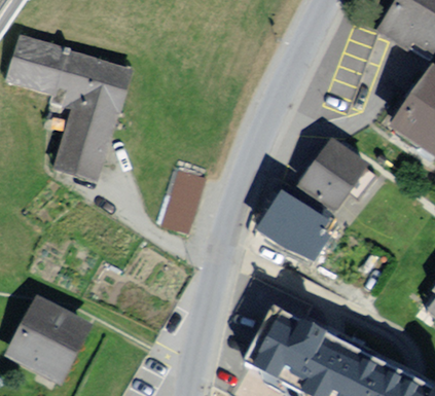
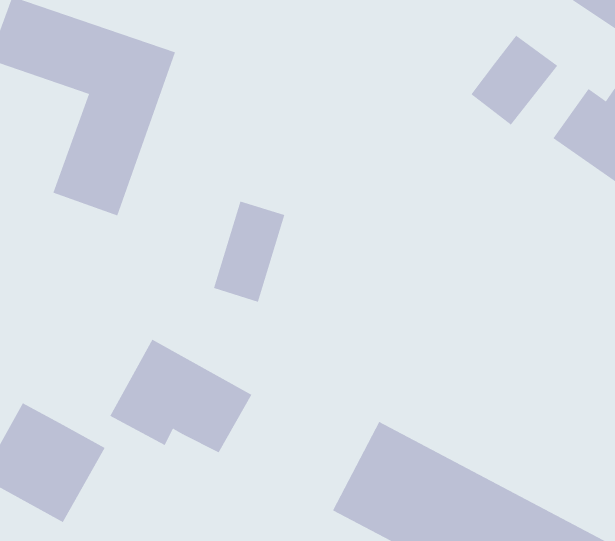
building: [307,146,365,206] -> [471,35,558,125]
building: [263,188,340,262] -> none
building: none -> [109,339,252,453]

